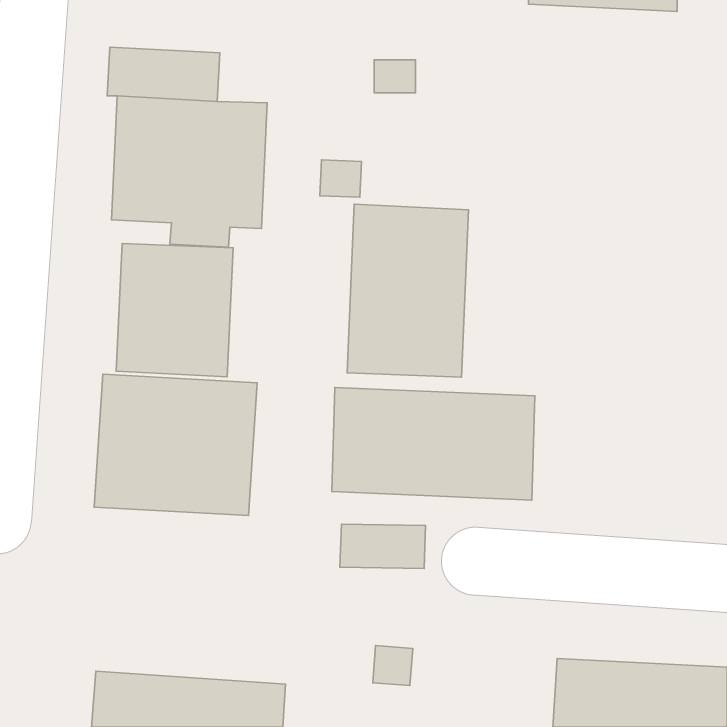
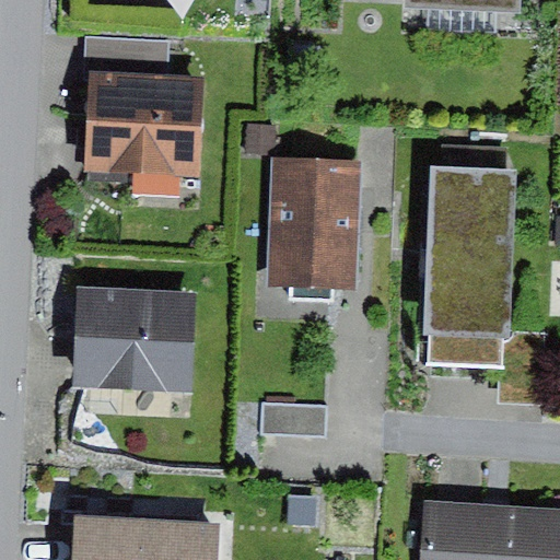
building: none -> [422,163,518,368]
building: [116,243,233,377] -> none
building: [332,388,535,500] -> none

